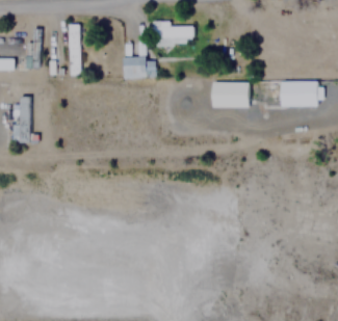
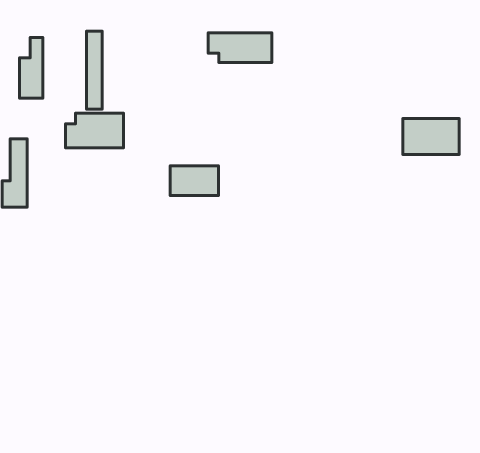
building: [123,58,155,78] -> [170,166,218,196]
building: none -> [66,113,123,148]
building: [212,82,250,108] -> none

